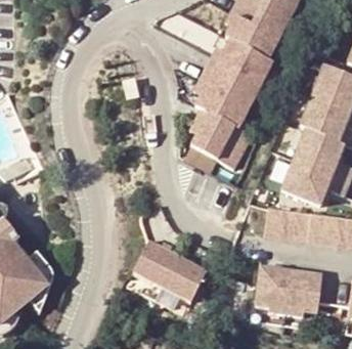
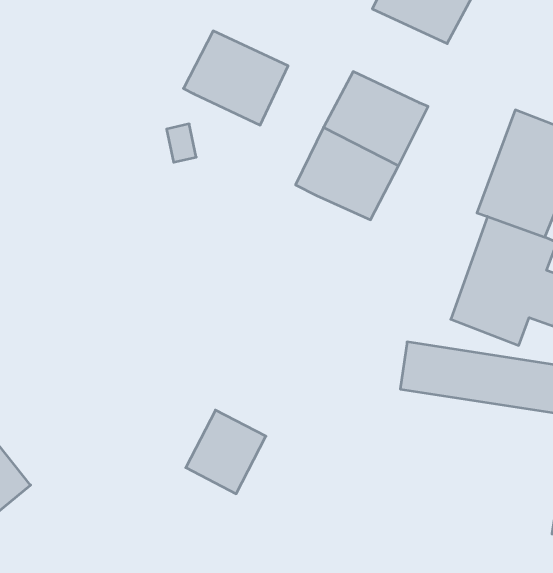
building: [224,6,285,61] -> [183,31,288,125]
building: [192,116,254,172] -> none
building: [162,257,209,306] -> none
building: [247,259,316,311] -> none

